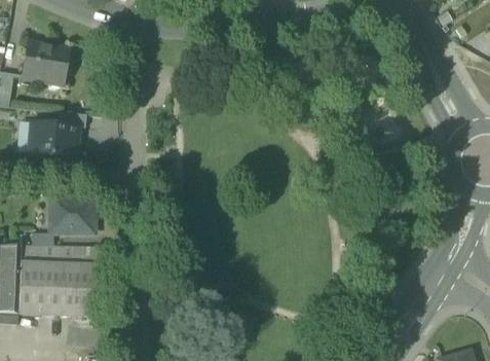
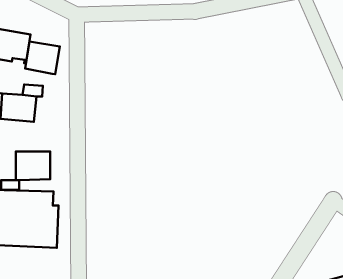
building: none -> [25,41,60,74]

